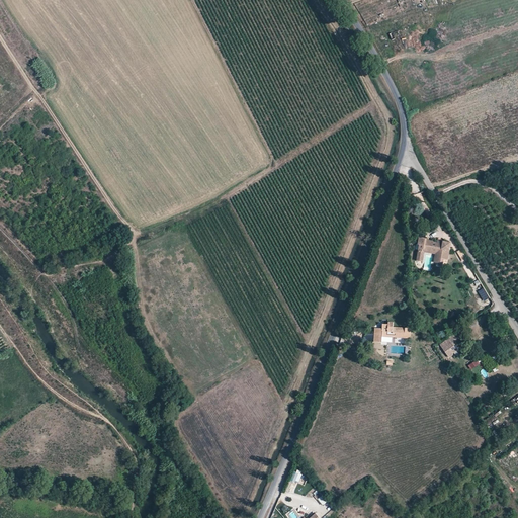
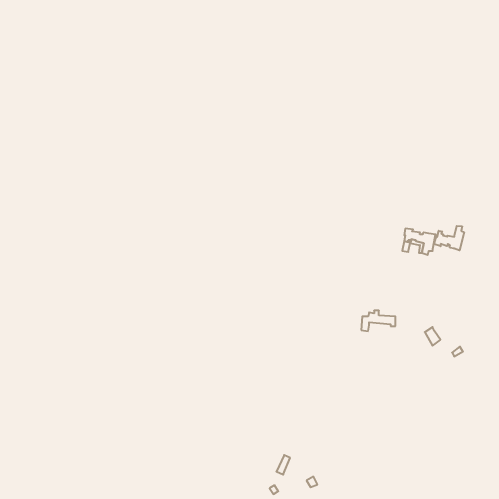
building: none -> [434,226,464,250]

